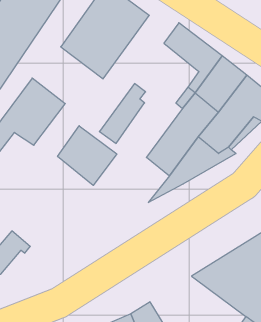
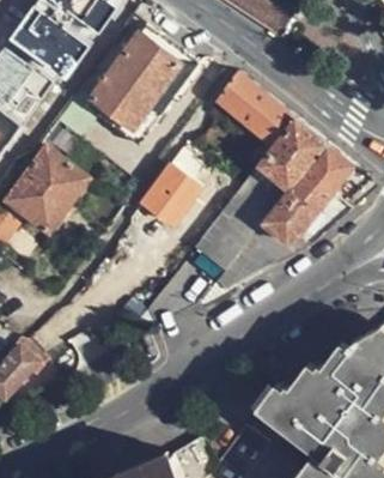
building: [58,126,117,185] -> none

